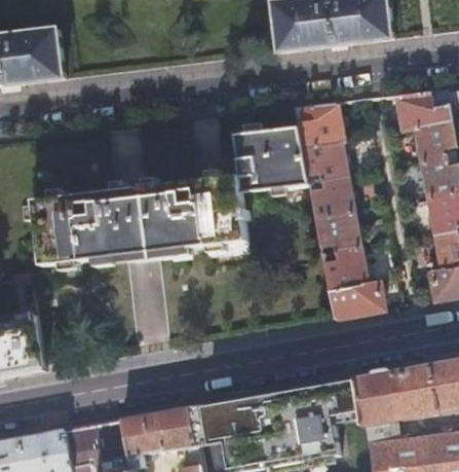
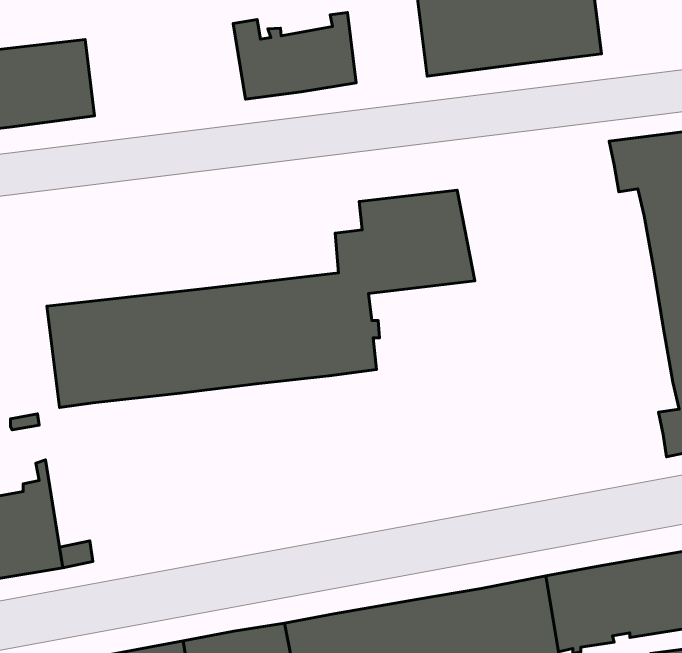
building: none -> [233,13,356,99]
building: [296,102,382,318] -> none

